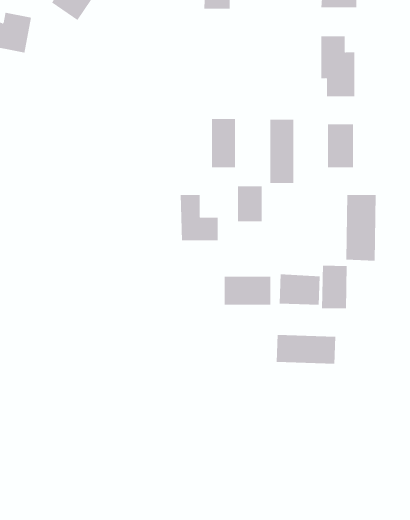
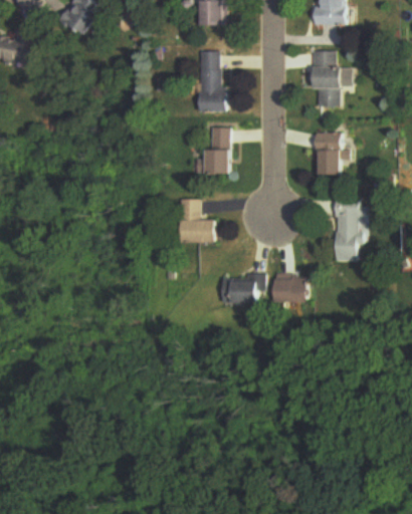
building: [269,119,294,184] -> [199,51,222,111]
building: [238,185,262,222] -> none
building: [322,265,347,309] -> none
building: [276,334,336,365] -> none

